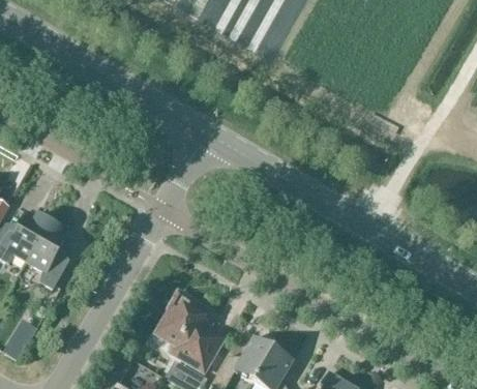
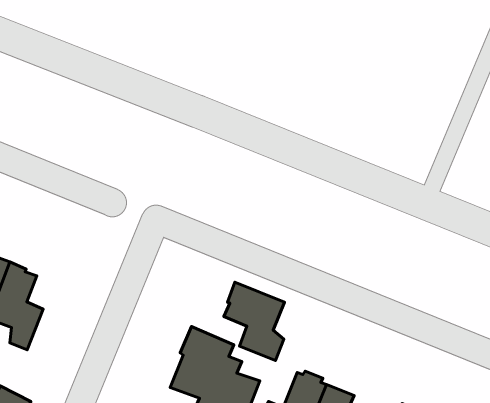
building: none -> [224,282,285,360]

